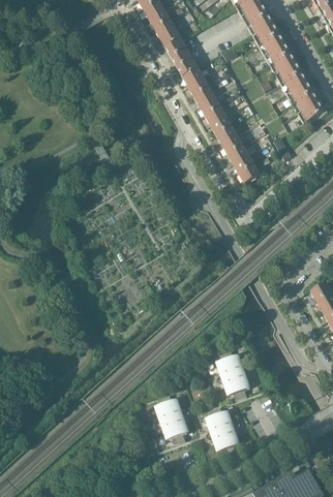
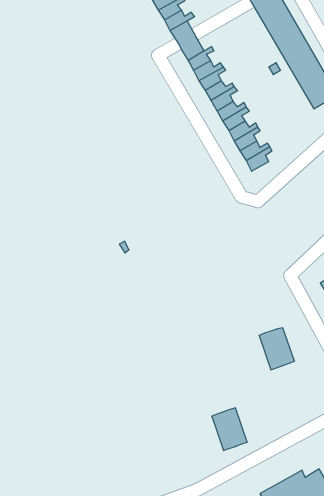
building: [215,355,249,396] -> [259,328,295,370]
building: [154,399,188,440] -> none

